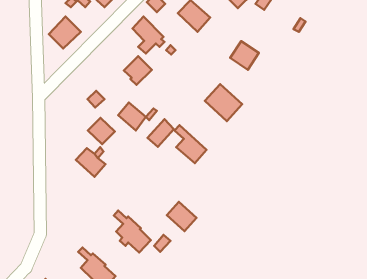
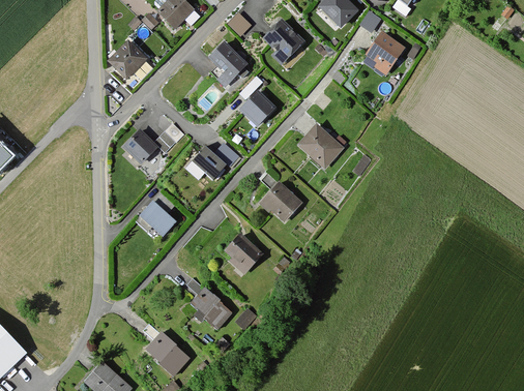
building: [230,41,259,70] -> [369,34,404,69]
building: [124,56,152,85] -> [241,91,275,126]
building: [88,118,115,144] -> [123,131,156,163]
building: [148,119,174,147] -> none
building: [167,202,196,231] -> [226,235,262,271]

